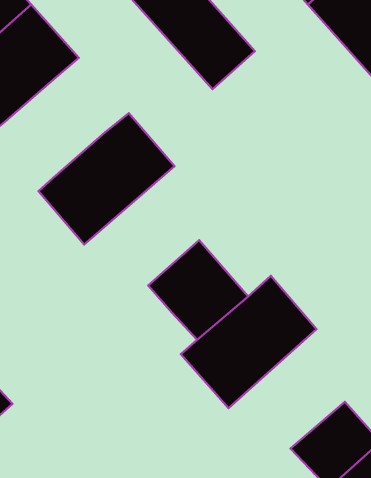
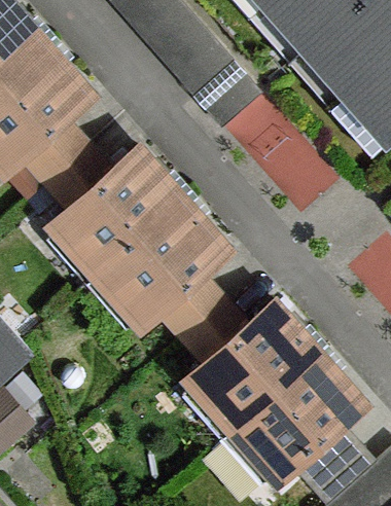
building: none -> [21,113,115,209]
building: none -> [96,197,224,323]
building: none -> [233,352,362,477]

